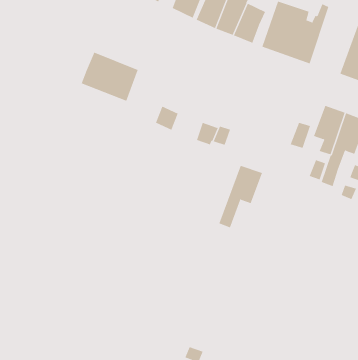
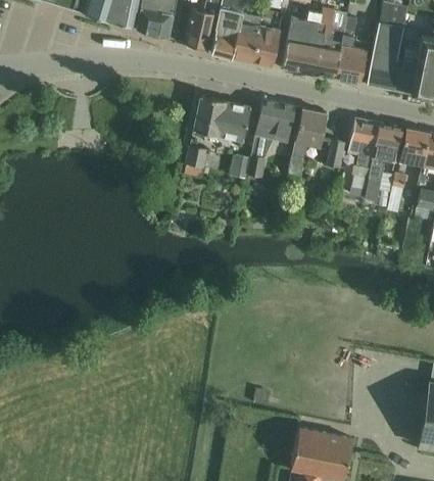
building: none -> [335,16,367,83]
building: [81,52,139,102] -> [193,95,250,141]
building: none -> [255,100,294,140]
building: [218,165,263,228] -> [289,108,327,175]

